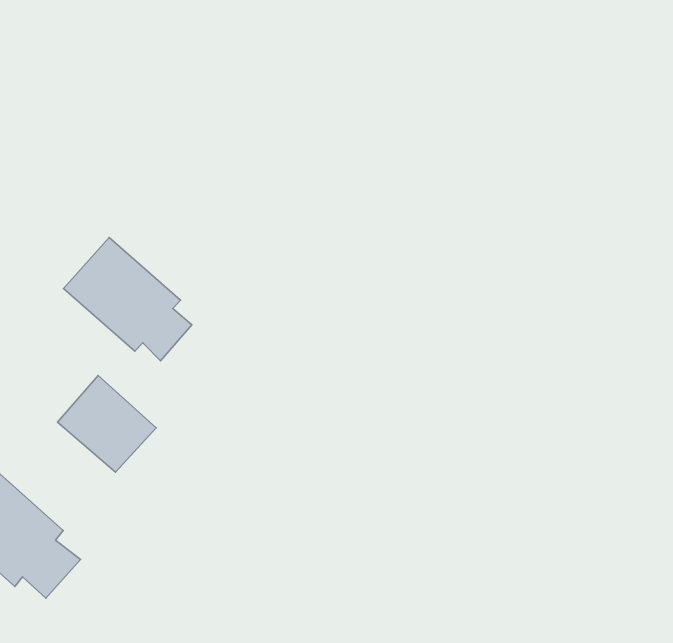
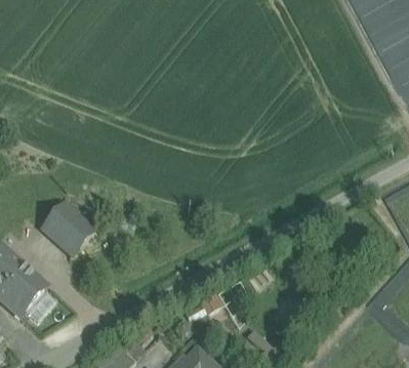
building: [63,238,192,361] -> none

